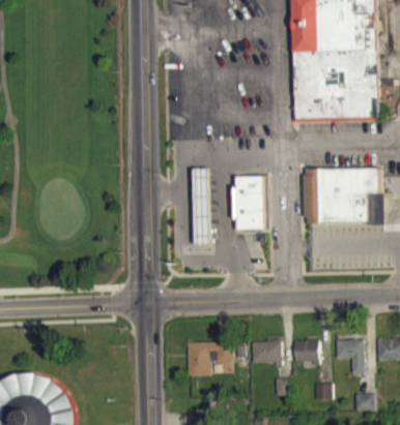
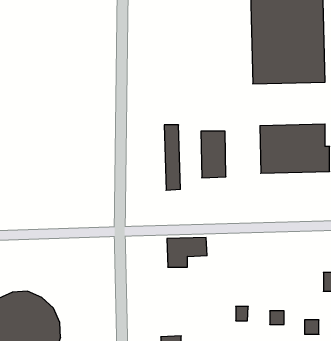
building: [335,339,363,373] -> none
building: [251,340,281,364] -> none
building: [292,340,318,362] -> none
building: [185,341,232,375] -> [167,238,207,267]

